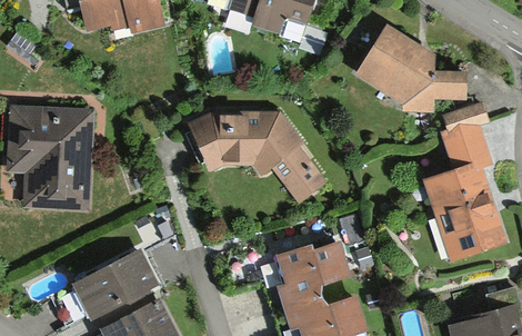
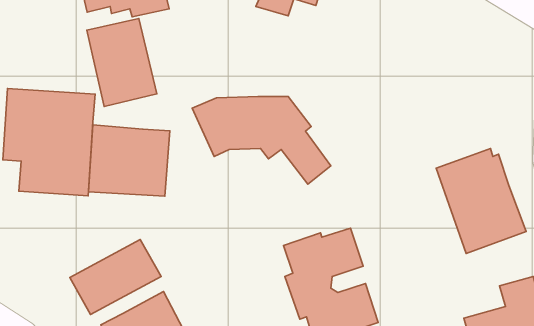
building: [355,26,465,111] -> none
building: none -> [87,18,157,106]
building: [441,101,492,170] -> none
building: none -> [88,125,170,196]

